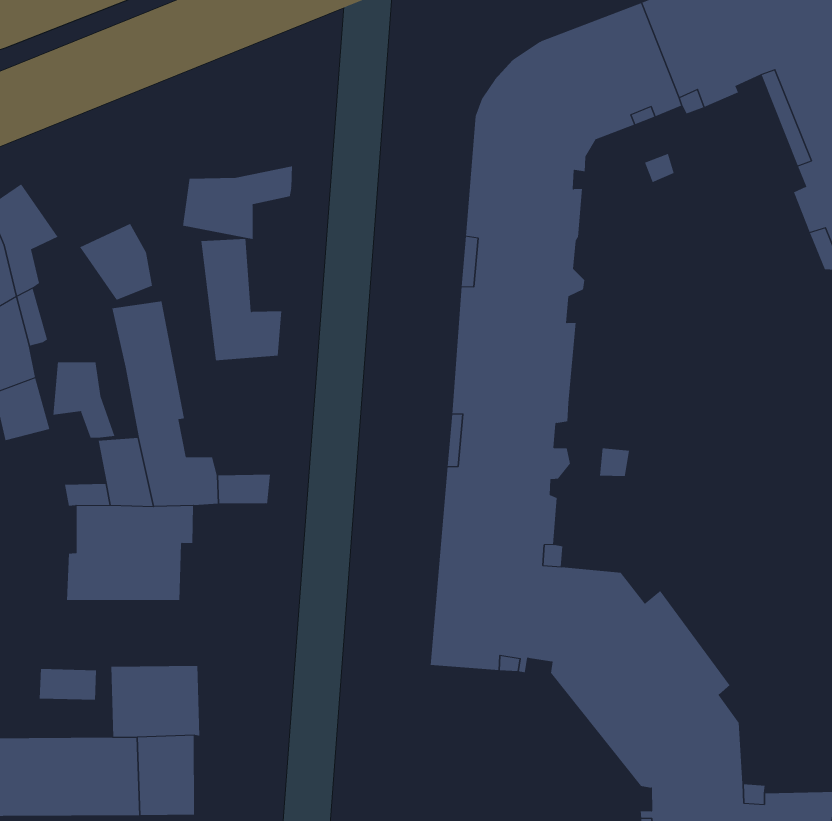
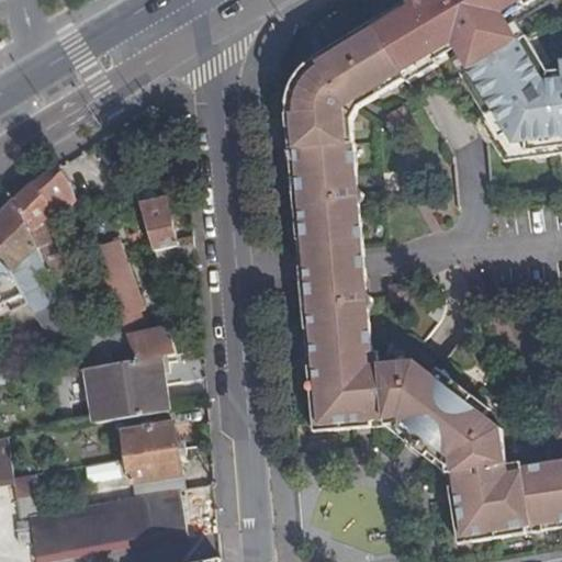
building: [183,166,293,240] -> none
building: [79,223,153,301] -> [30,165,76,211]
building: [53,362,115,438] -> none
building: none -> [122,420,177,454]

